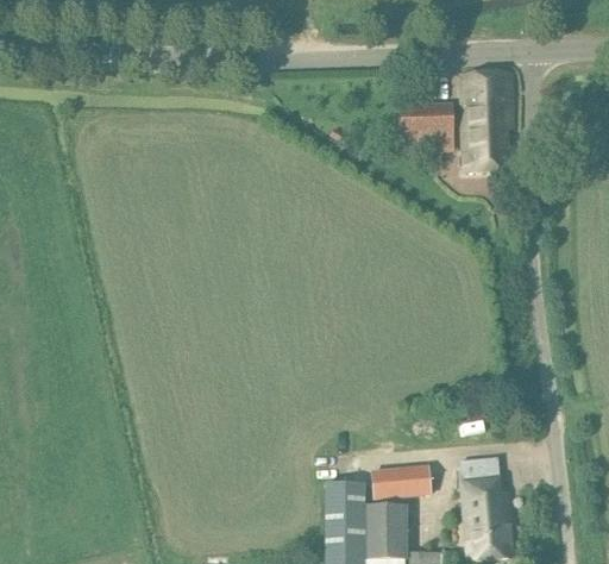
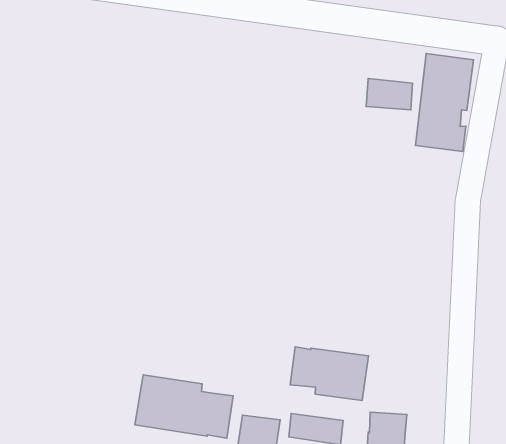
building: none -> [290,347,368,400]
building: none -> [135,375,233,438]

